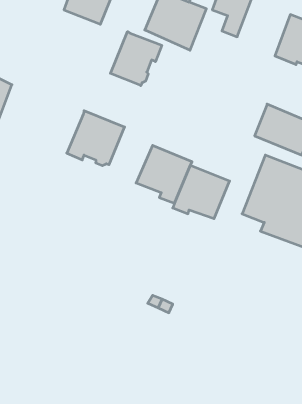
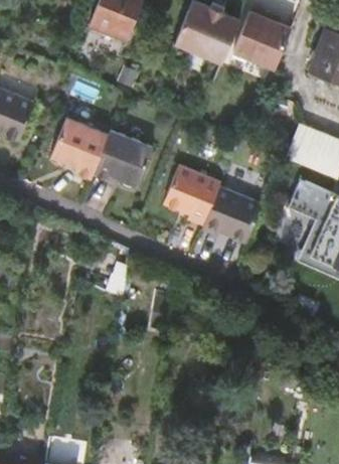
building: [110,32,162,86] -> none
building: none -> [50,119,109,180]

